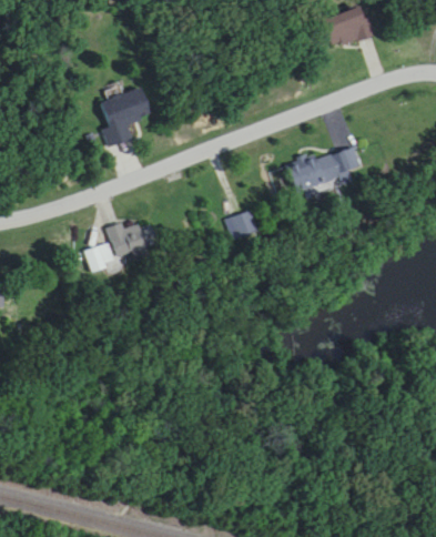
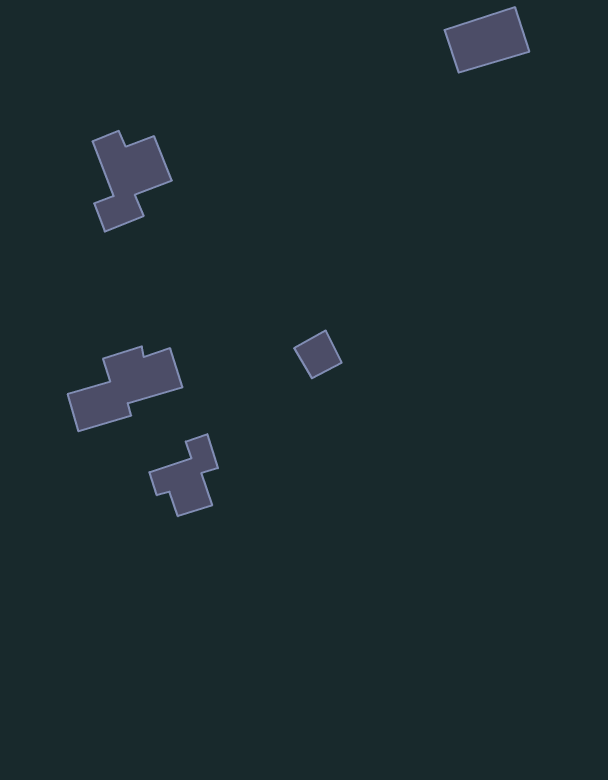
building: [271,148,361,194] -> none
building: none -> [149,434,218,516]

